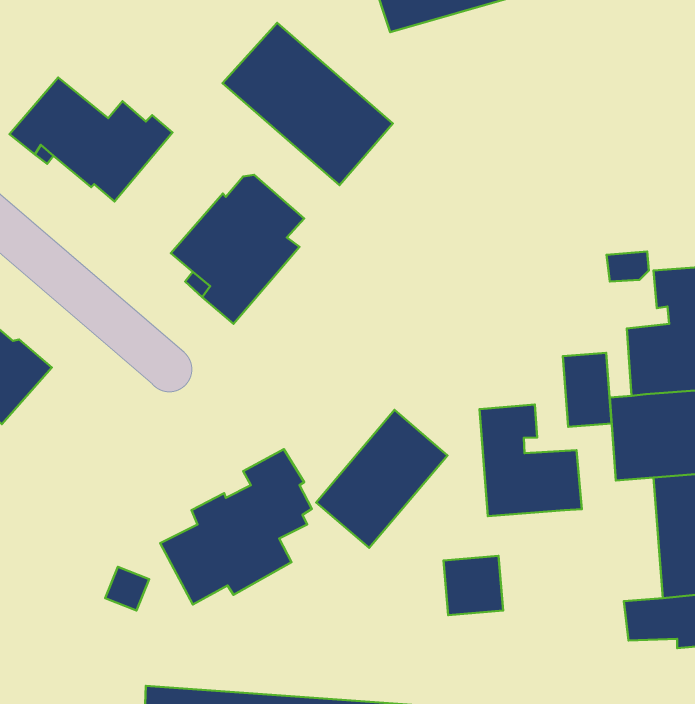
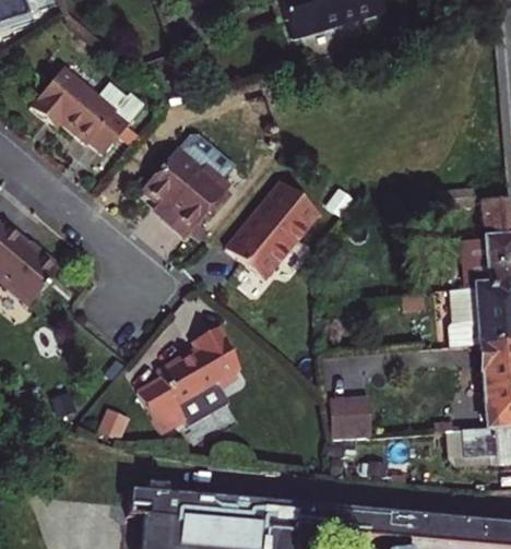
building: [222,23,393,185] -> none
building: [563,353,612,427] -> none
building: [479,404,582,516] -> none
building: [316,410,448,548] -> [225,187,317,283]

